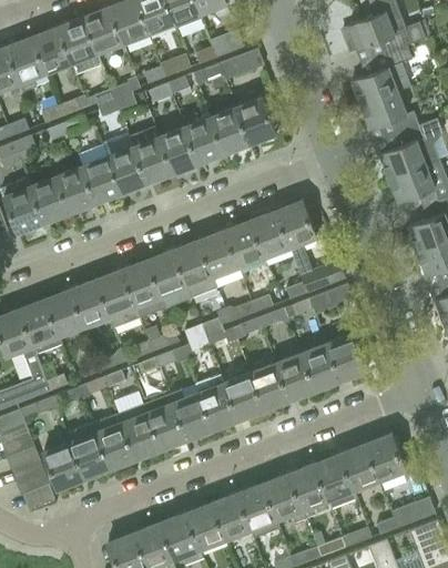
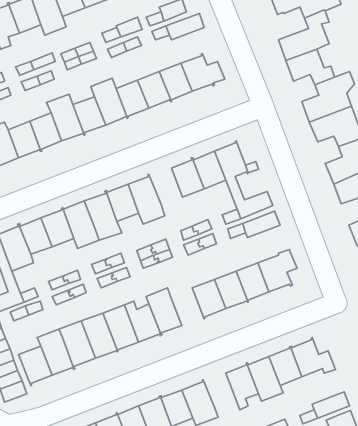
building: [198,232,238,275] -> none
building: [224,374,264,418] -> none
building: [263,475,306,521] -> none

